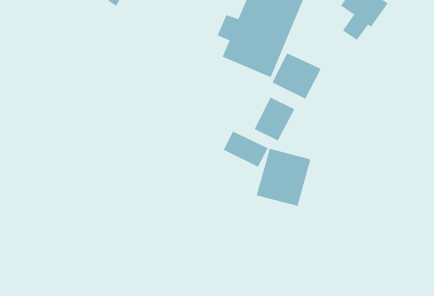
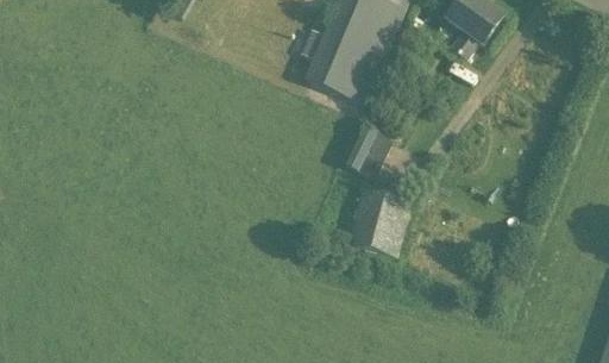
building: [272,52,322,100] -> none
building: [223,131,269,168] -> none

